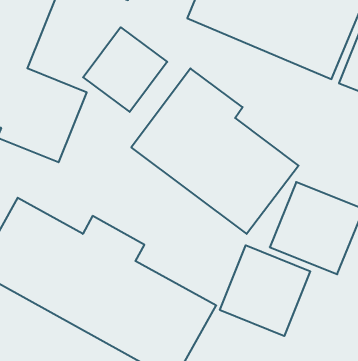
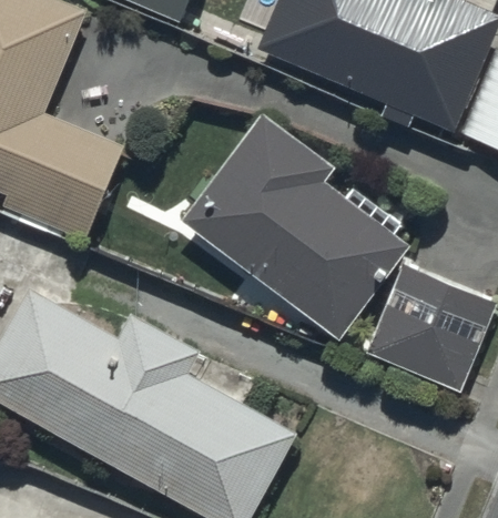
building: [83,27,167,112] -> none
building: [220,245,310,336] -> none

